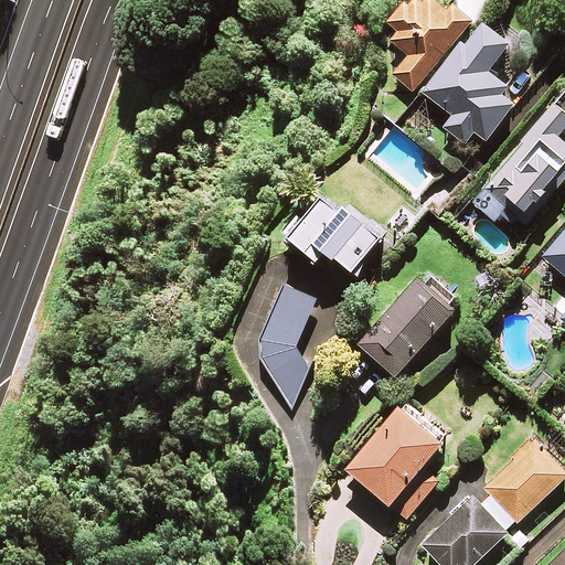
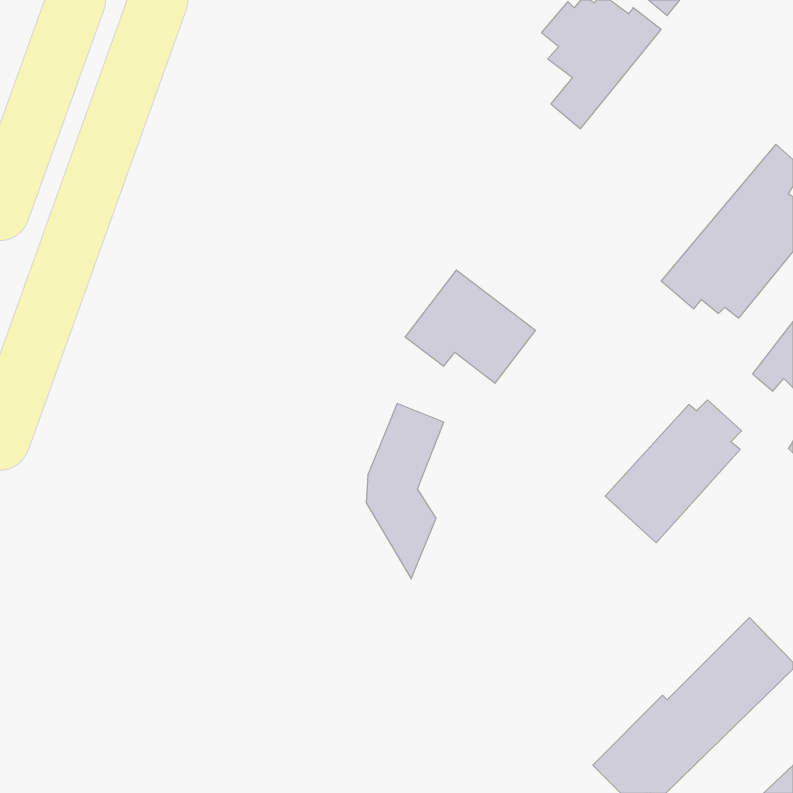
building: [422,23,513,142] -> none
building: [358,274,455,375] -> [605,400,742,543]
building: [345,405,441,519] -> none

